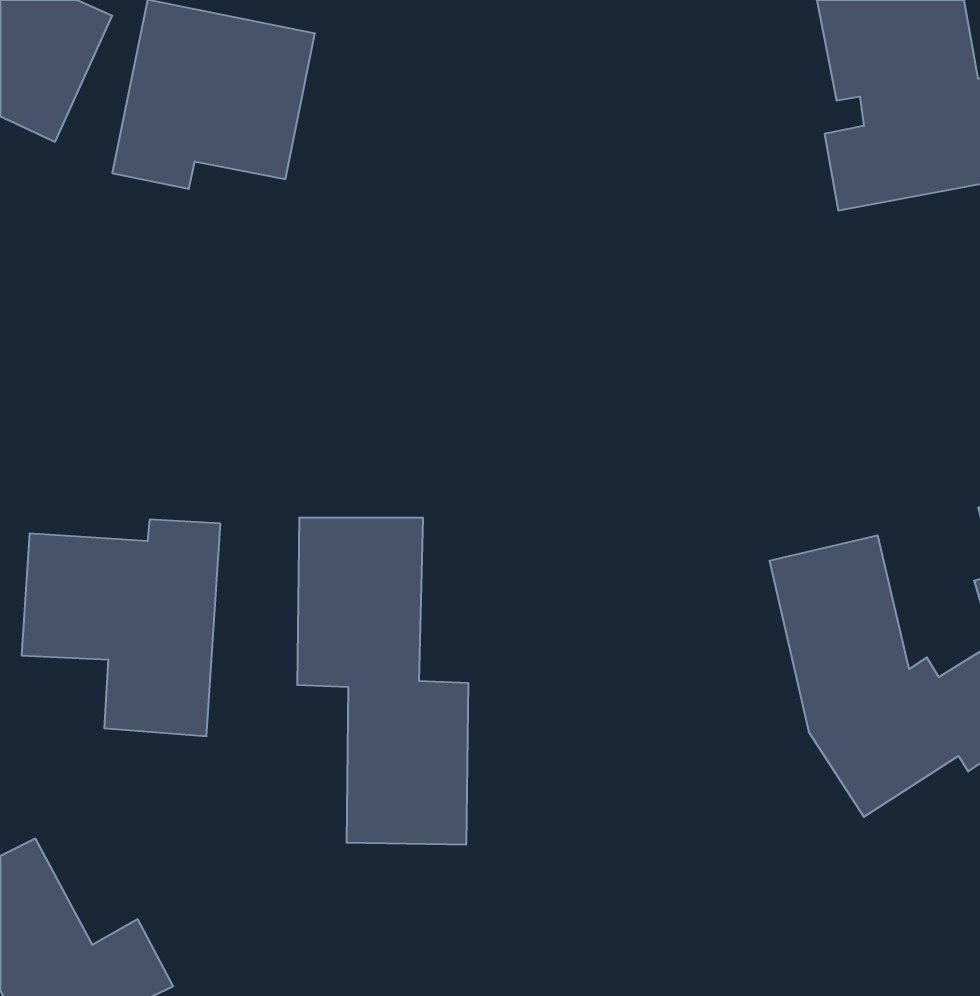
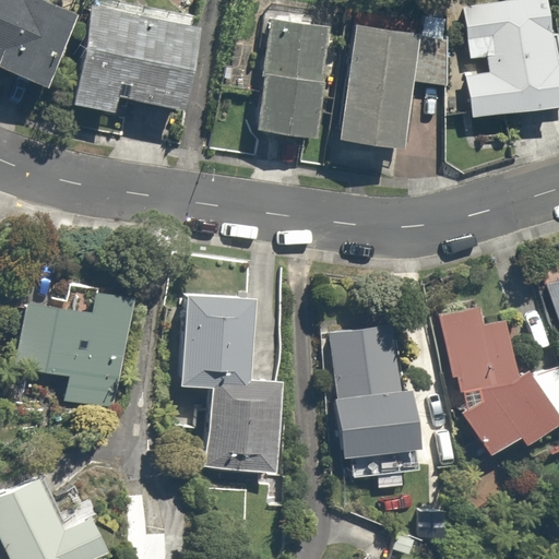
building: none -> [340,17,457,141]
building: none -> [257,21,329,133]
building: none -> [332,322,417,480]

